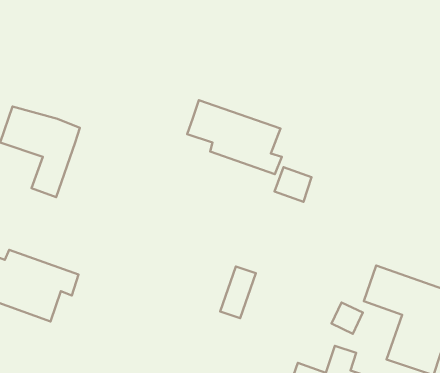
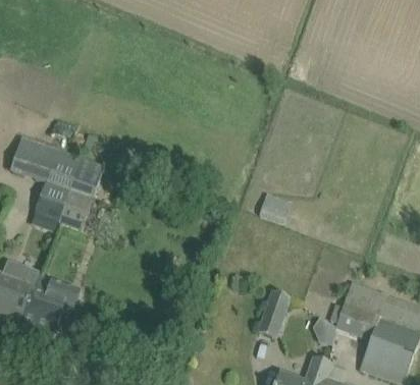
building: [187,100,282,174] -> none
building: none -> [59,157,104,227]
building: [220,267,256,318] -> [258,290,291,337]

